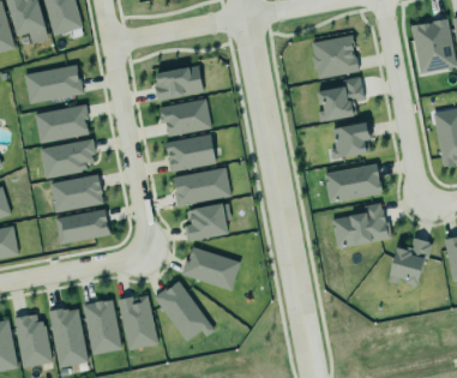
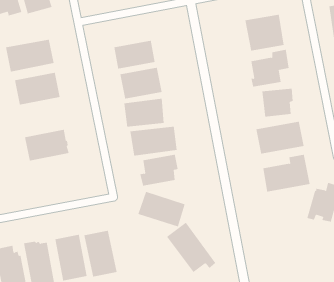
building: [42,139,98,176] -> none
building: [56,209,112,244] -> none
building: [156,281,216,342] -> [166,222,216,273]

